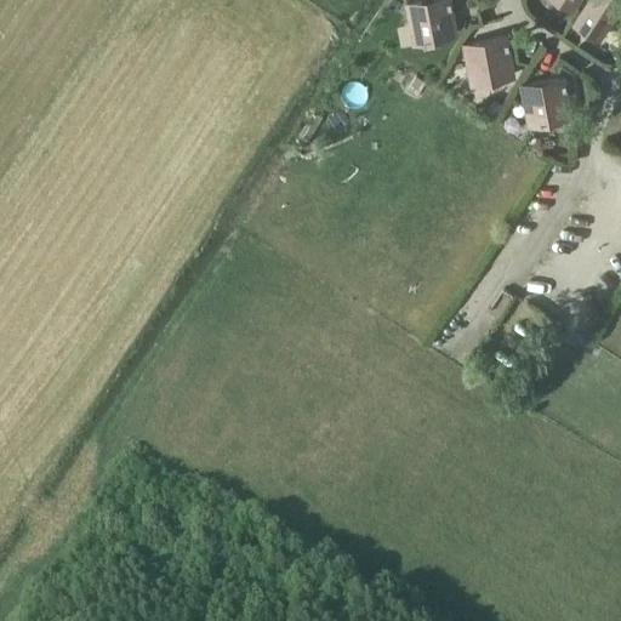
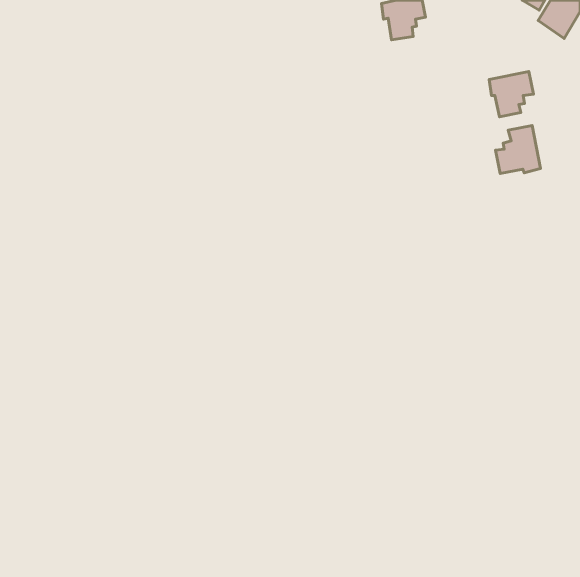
building: [465,40,512,87] -> none
building: none -> [496,125,541,174]

